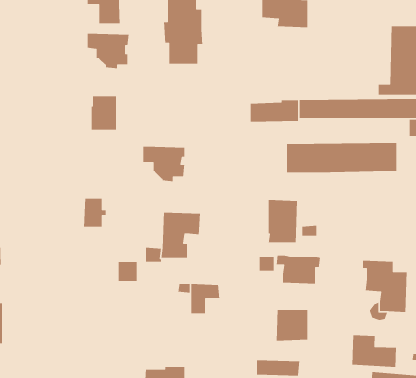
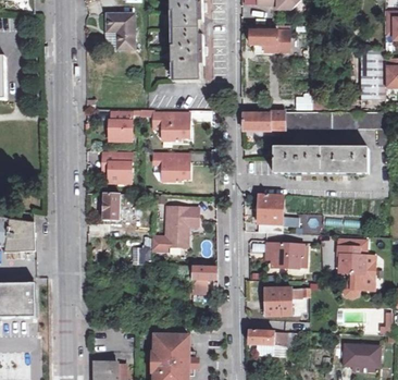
building: [87,33,130,69] -> [152,108,188,138]
building: none -> [102,149,130,182]
building: [351,335,397,368] -> none

